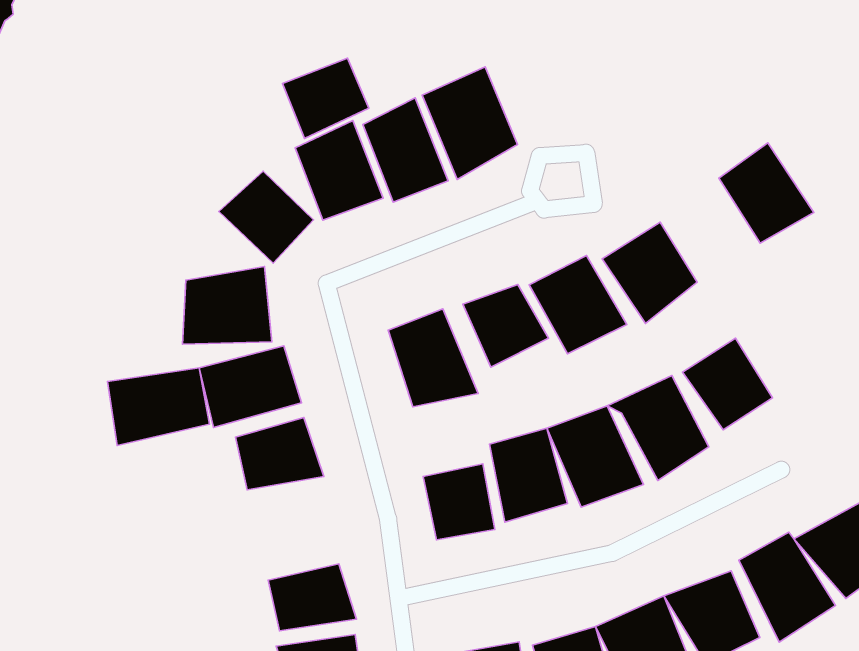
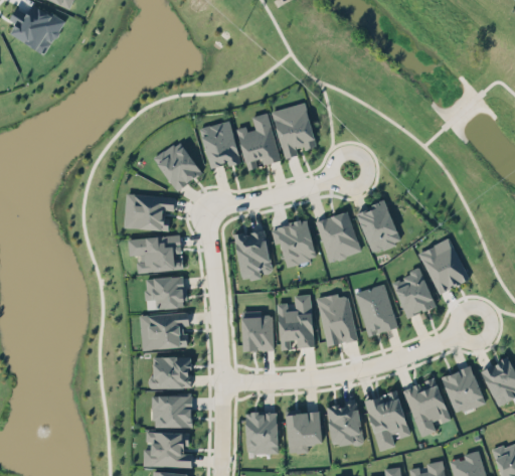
building: [282,58,369,139] -> none
building: [719,143,814,243] -> [420,239,469,292]
building: [107,368,209,446] -> [139,315,190,350]

